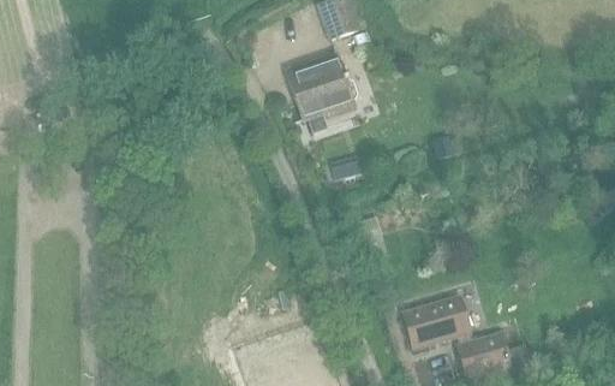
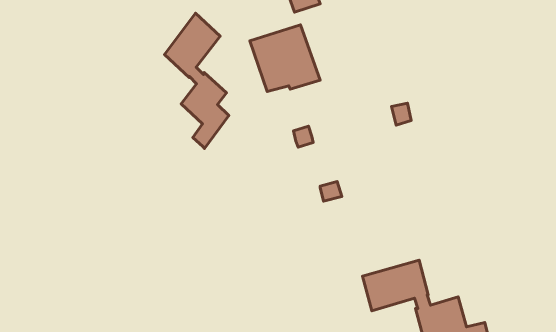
building: none -> [165,13,229,148]

